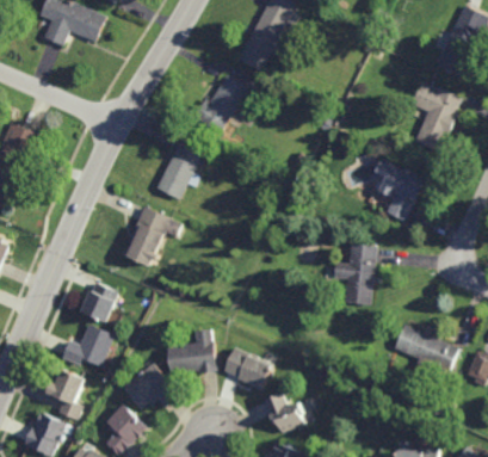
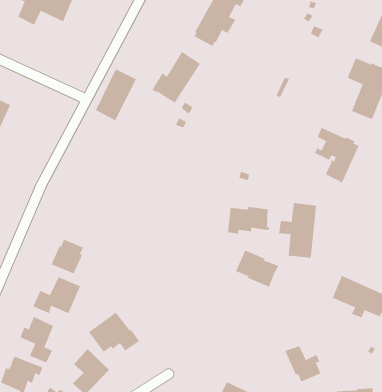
building: [155,141,202,199] -> [95,68,137,121]
building: [125,205,183,266] -> none
building: none -> [227,206,270,234]
building: [166,329,216,373] -> none
building: [223,347,272,389] -> [235,250,279,287]
building: [264,393,304,433] -> [285,346,321,382]

